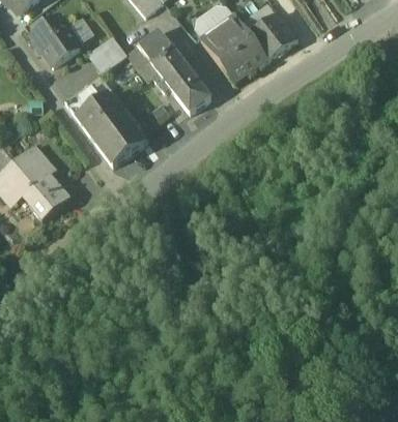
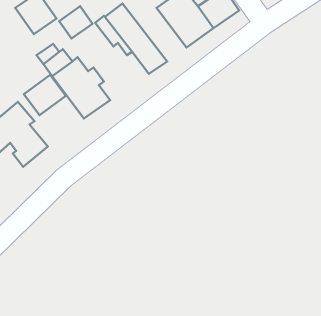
building: none -> [24,75,66,115]

